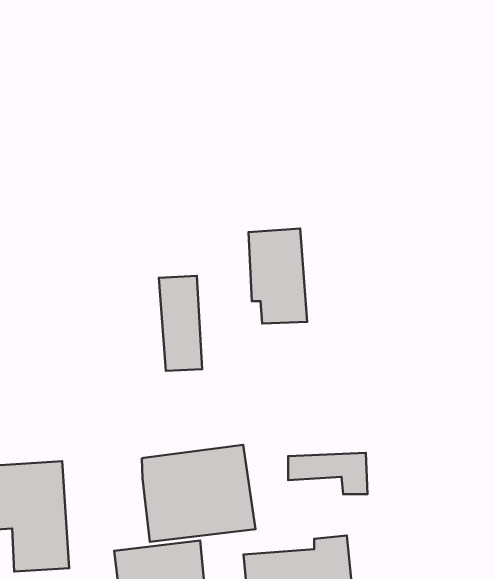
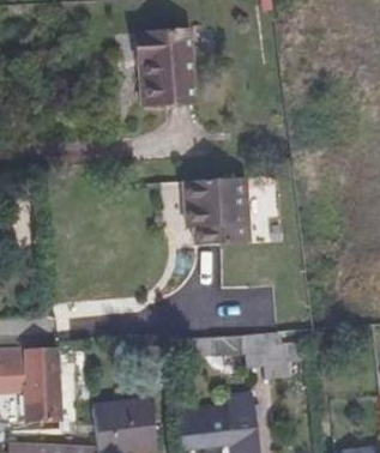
building: none -> [128,30,188,104]
building: [159,276,202,371] -> [222,180,252,246]
building: [142,445,256,542] -> none

